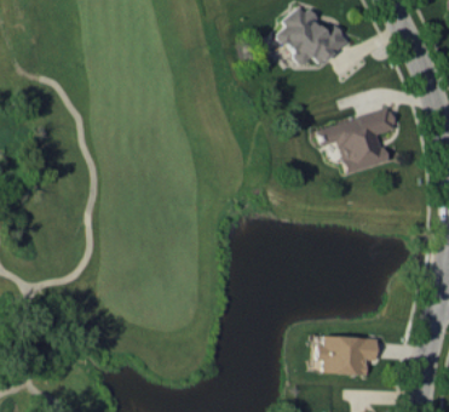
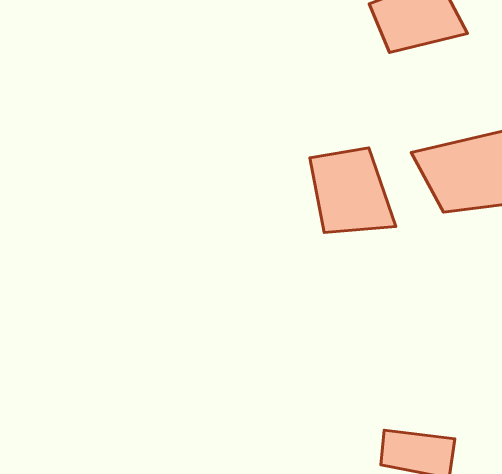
building: none -> [310,148,396,232]

